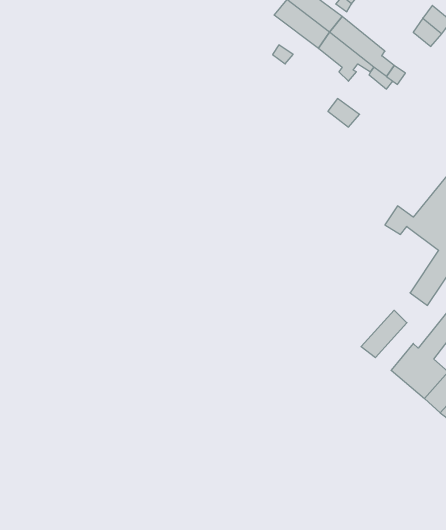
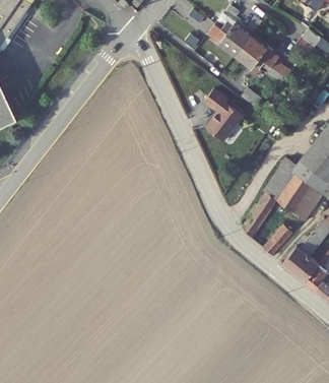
building: none -> [204,89,243,141]
building: none -> [243,170,313,239]

